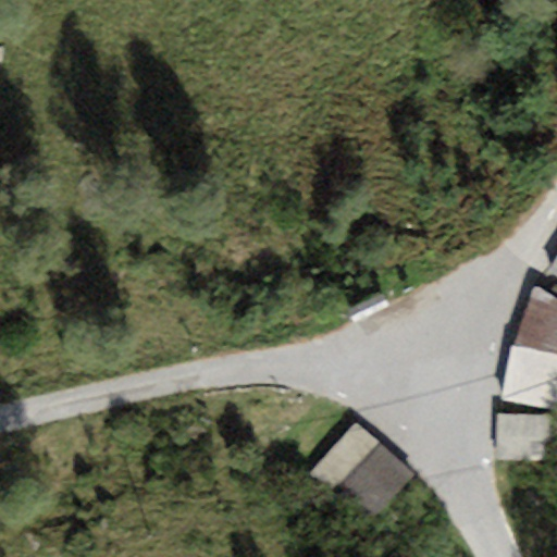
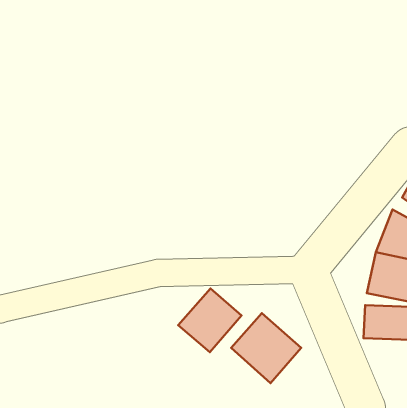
building: none -> [178,289,241,352]

